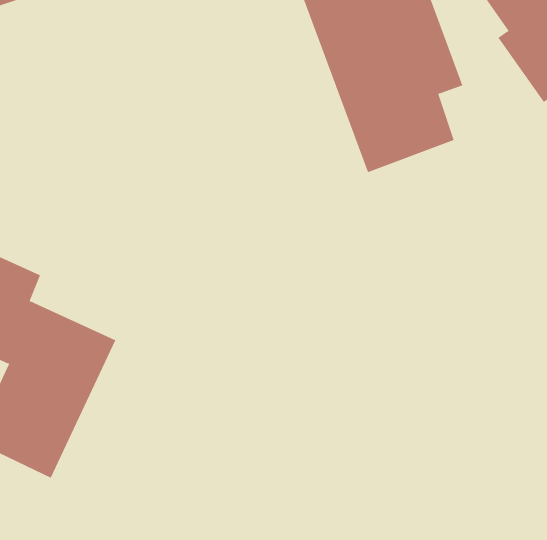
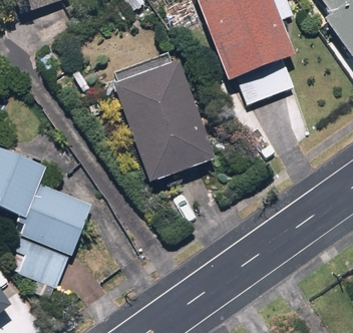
building: none -> [116,59,217,183]

